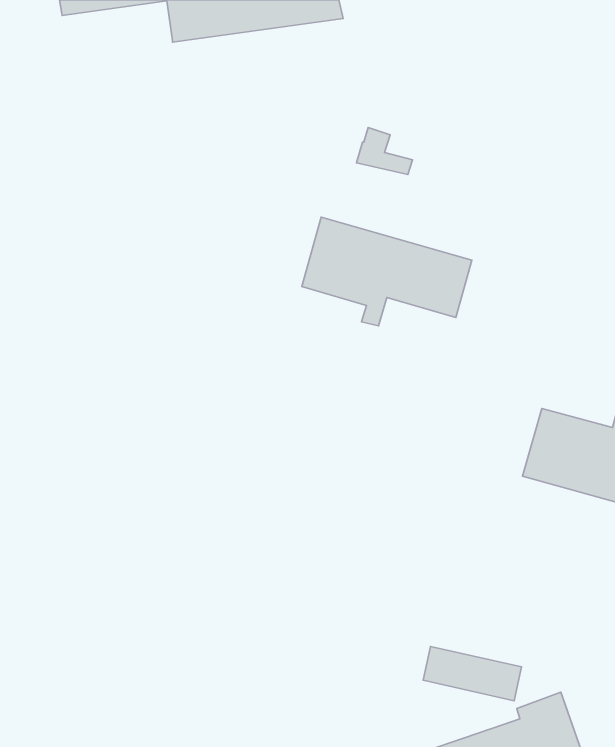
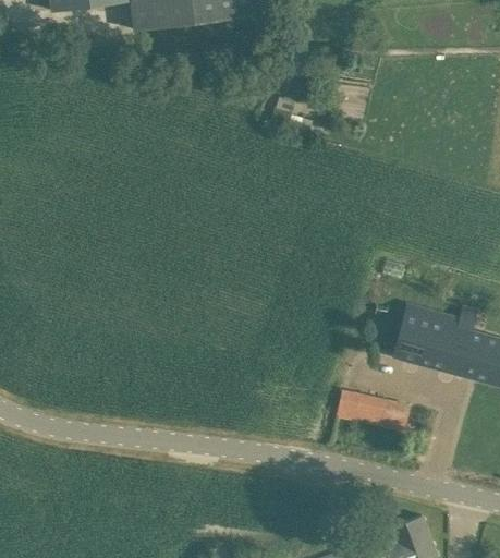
building: [302,217,472,326] -> none
building: [423,646,522,701] -> [337,390,410,430]

